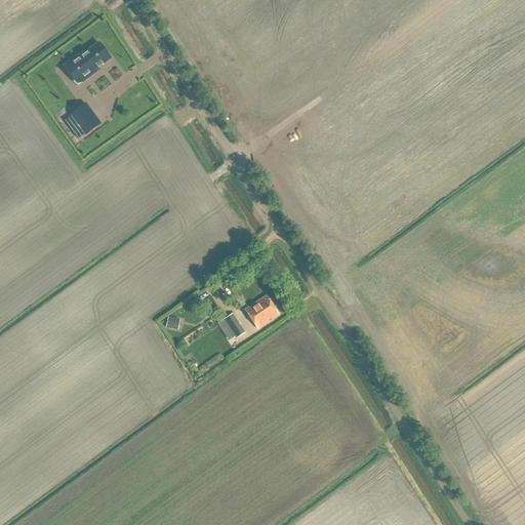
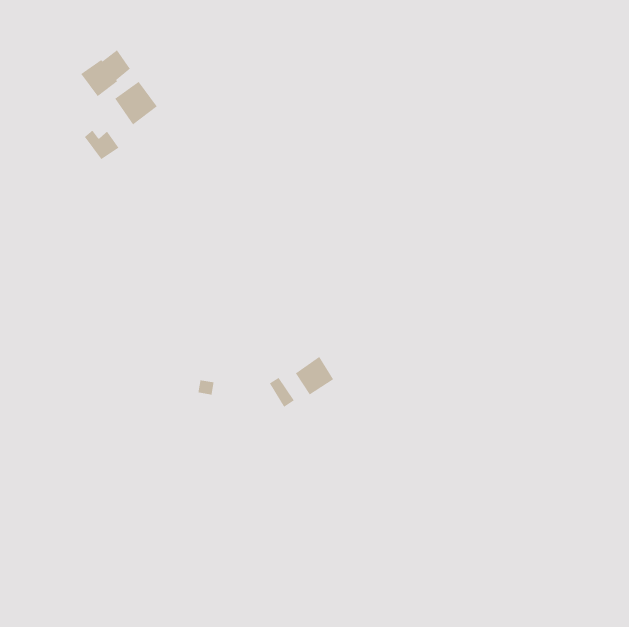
building: none -> [114,81,158,126]

